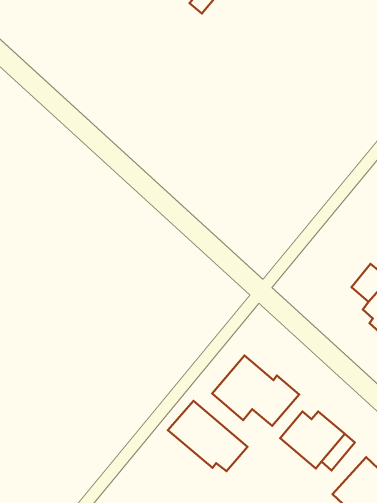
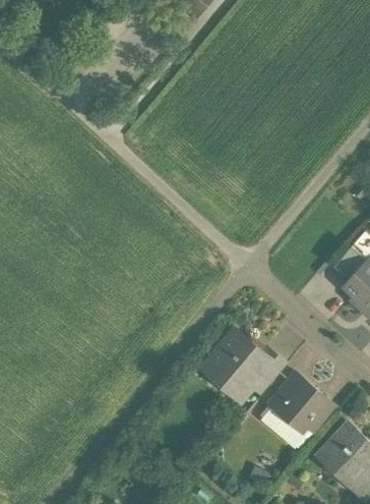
building: [168,401,247,471] -> none

